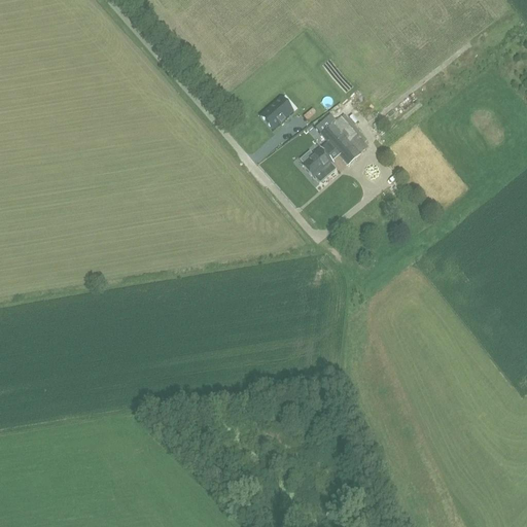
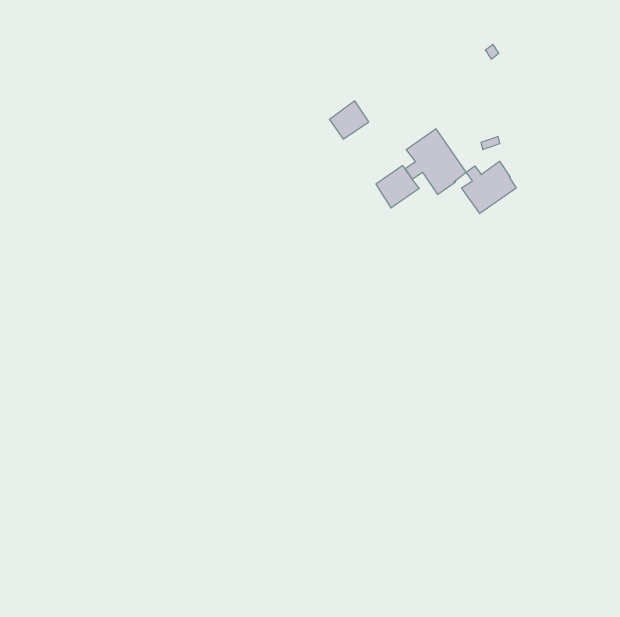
building: none -> [462,161,516,214]

